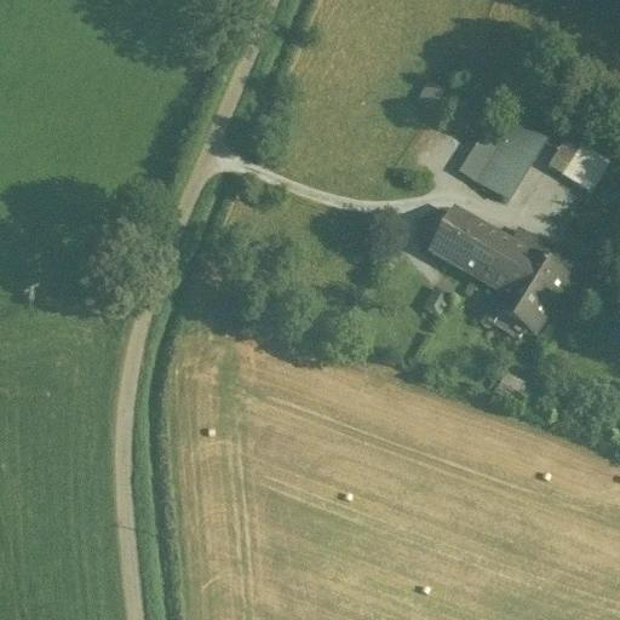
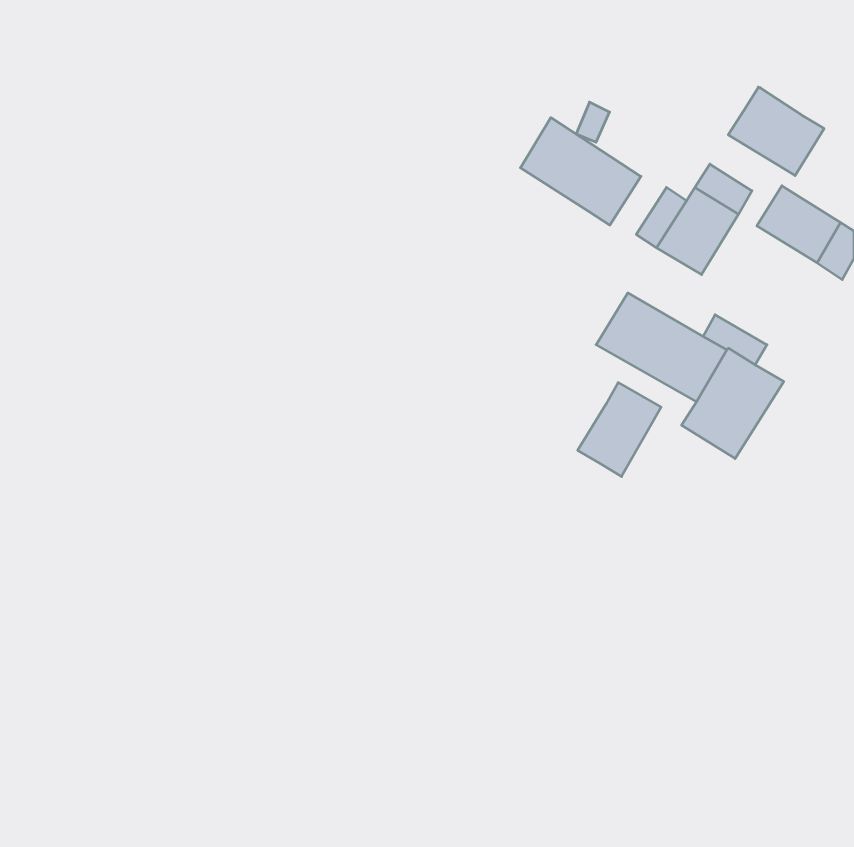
building: none -> [728,87,824,176]
building: none -> [520,118,641,225]
building: none -> [578,383,661,477]

